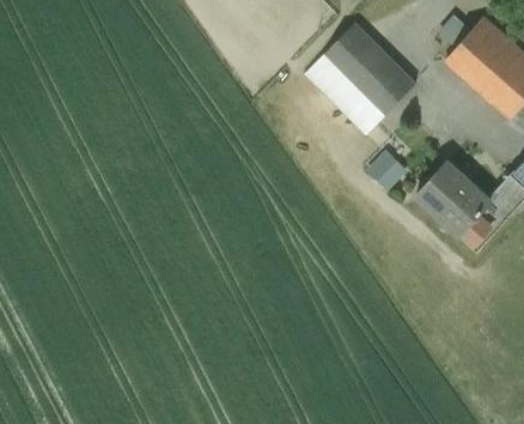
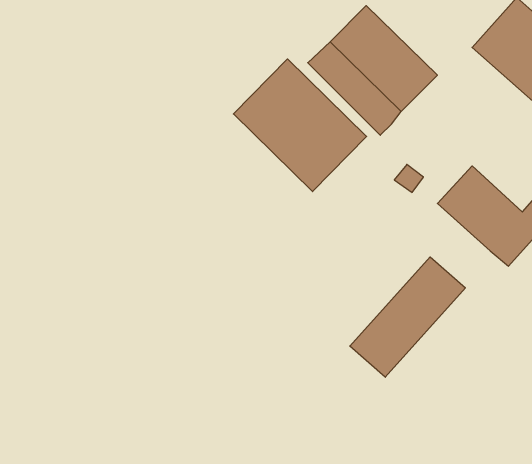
building: none -> [233,59,367,192]
building: none -> [350,257,465,377]

